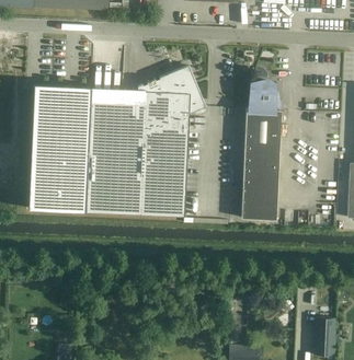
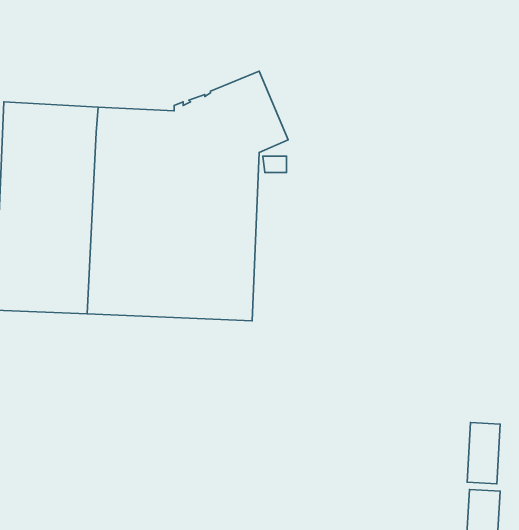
building: [241,82,281,220] -> none
building: none -> [467,422,500,484]

